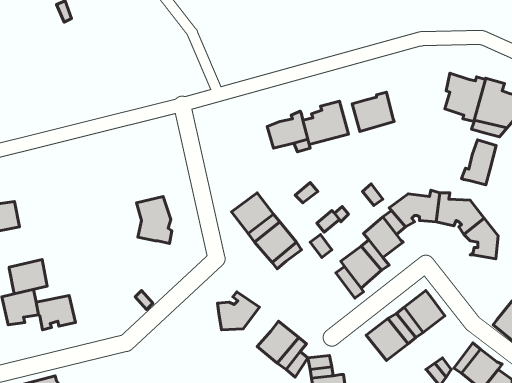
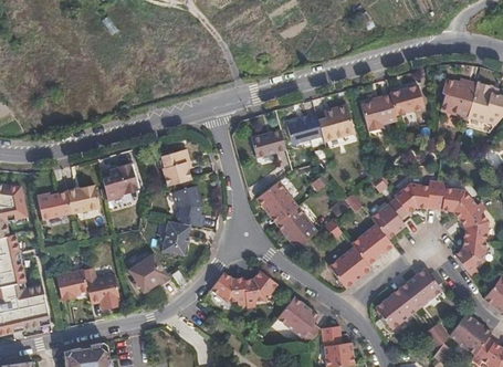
building: none -> [389,86,425,117]
building: none -> [251,129,286,159]
building: [462,140,496,185] -> none
building: none -> [160,147,191,185]
building: none -> [102,165,137,199]
building: none -> [163,221,191,258]
building: none -> [454,237,485,277]
building: [9,259,47,294] -> [66,182,99,212]
building: none -> [127,252,170,291]
building: none -> [328,252,363,287]
building: none -> [210,271,247,303]

